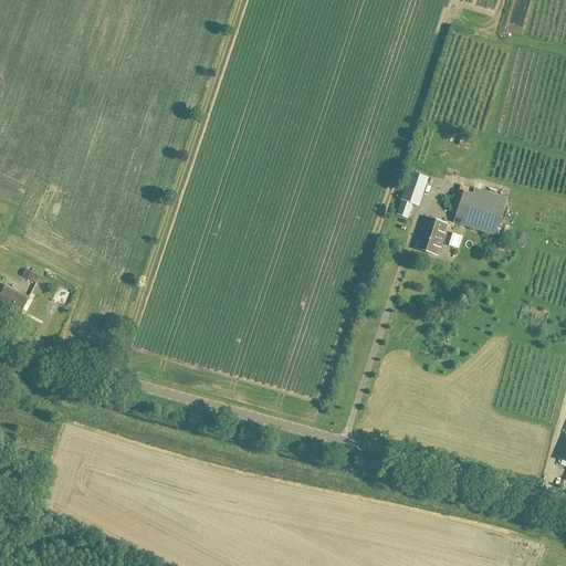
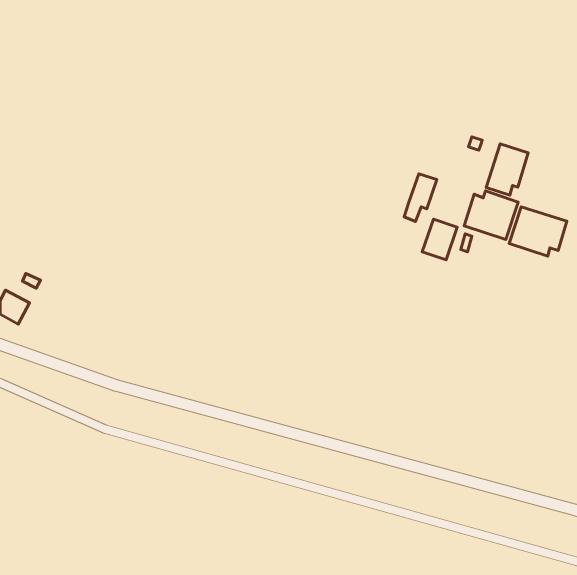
building: none -> [486,144,528,195]
building: none -> [509,207,567,256]

